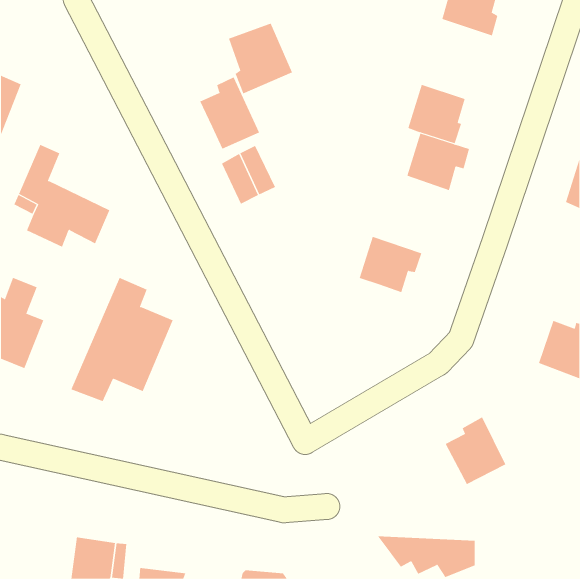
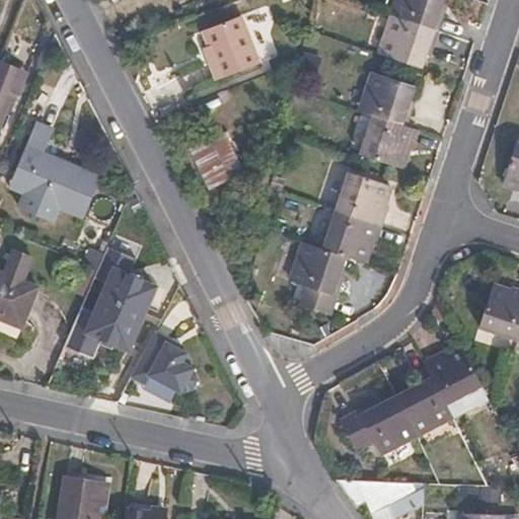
building: none -> [381,17,440,69]
building: [199,77,260,150] -> none
building: none -> [332,171,386,226]
building: none -> [286,241,339,314]
building: none -> [130,331,196,392]
building: none -> [426,347,490,416]
building: none -> [341,396,417,453]

